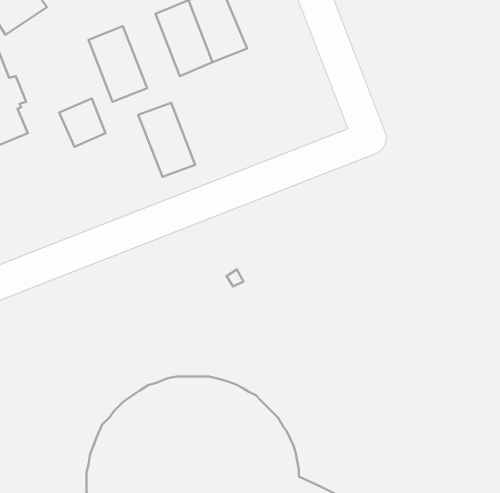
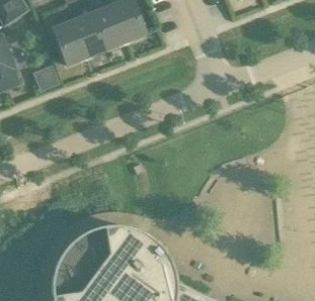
building: [138,103,195,177] -> [74,13,107,57]

